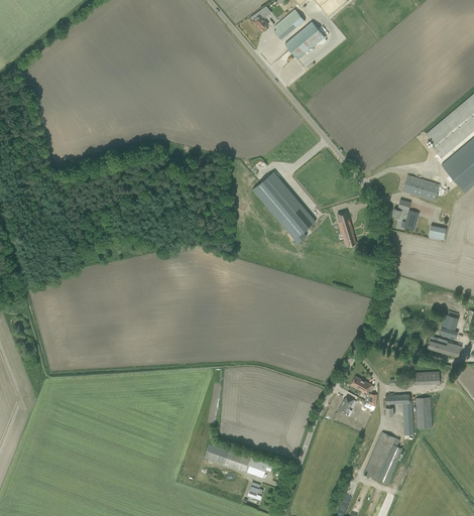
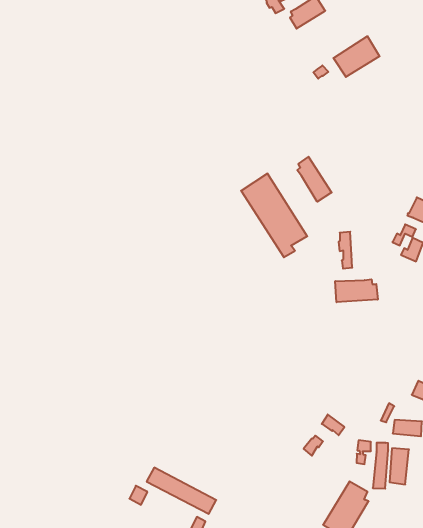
building: [284,21,325,59] -> [333,36,380,77]
building: none -> [297,157,332,202]
building: none -> [335,279,378,302]

